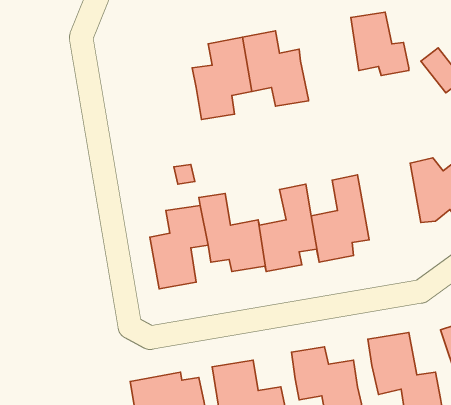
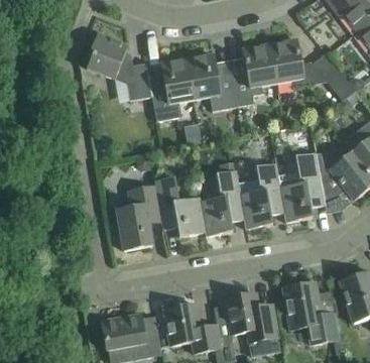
building: none -> [87,33,151,102]
building: none -> [231,42,275,105]
building: none -> [276,152,324,222]

